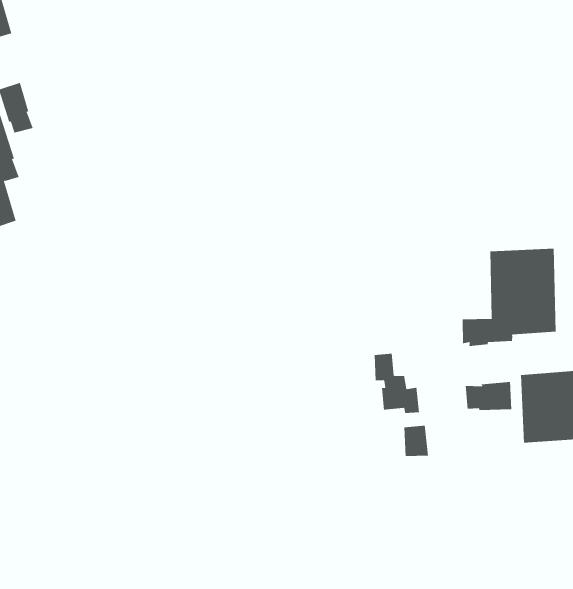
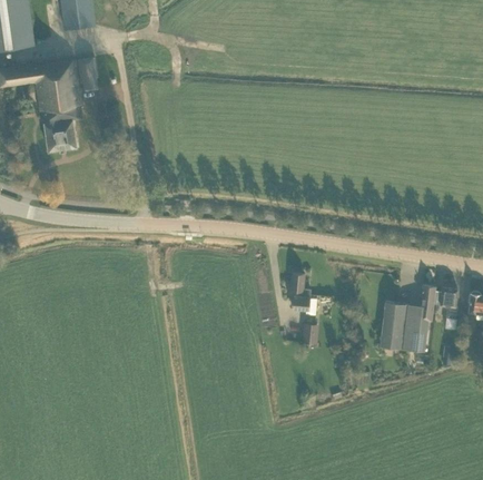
building: [462,248,556,347] -> none
building: [465,381,512,411] -> none

